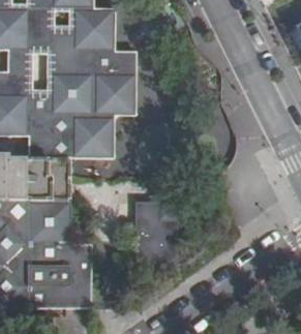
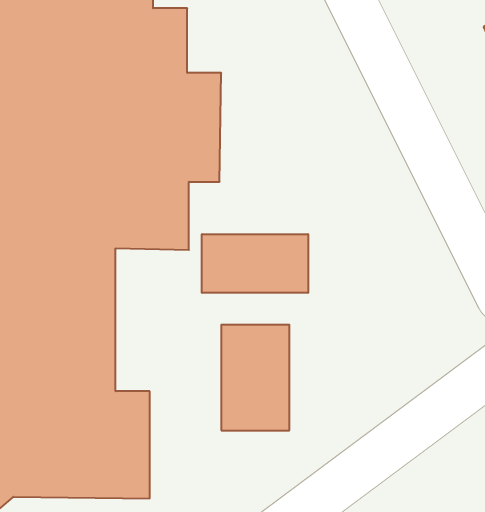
building: none -> [202,234,308,293]

